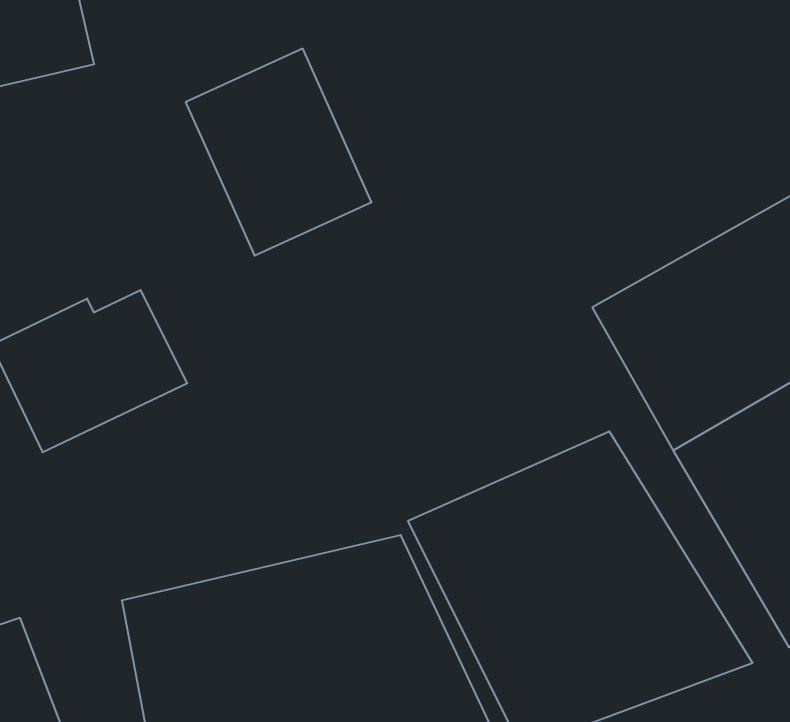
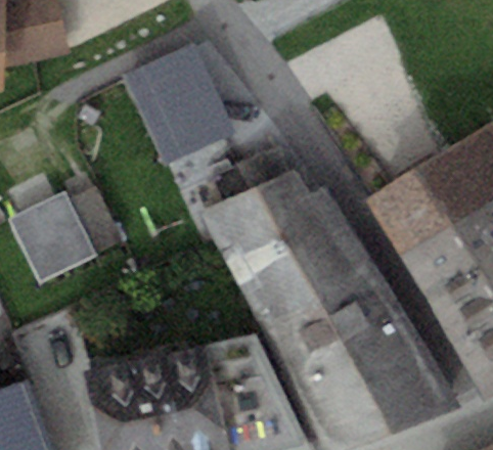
building: none -> [199,165,376,321]

